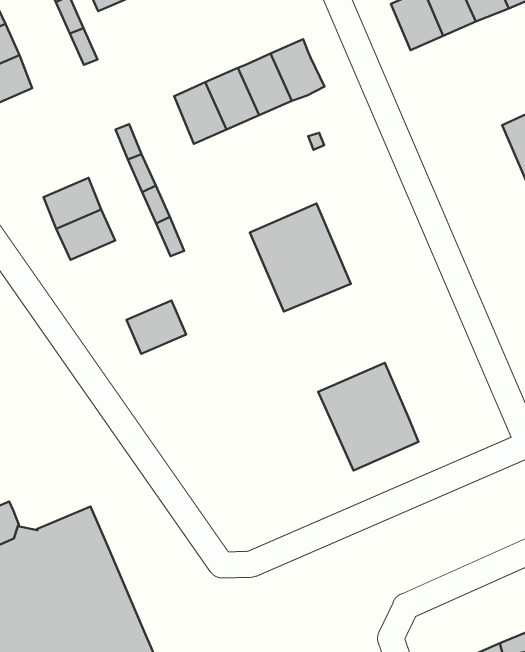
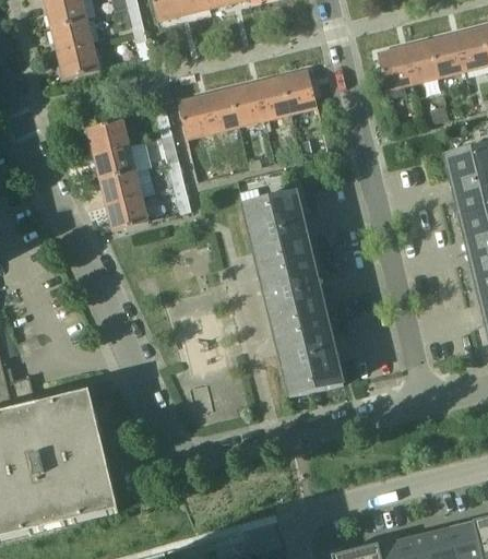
building: none -> [178,94,216,144]
building: none -> [87,118,130,153]
building: none -> [259,257,328,333]
building: [127,301,186,354] -> [106,194,148,230]

